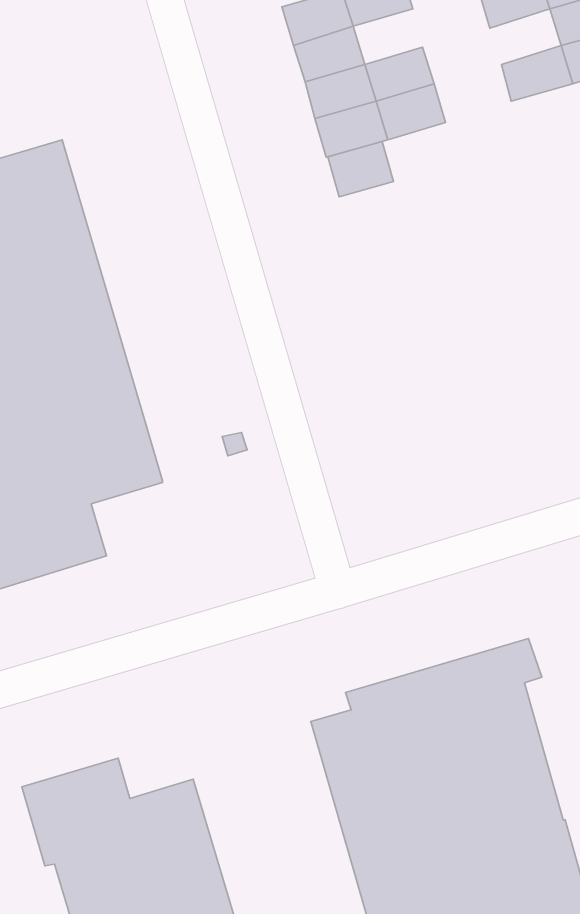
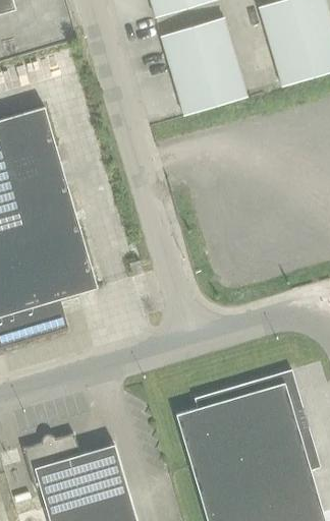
building: none -> [198,38,234,67]
building: none -> [270,38,308,67]
building: [328,141,394,197] -> none

